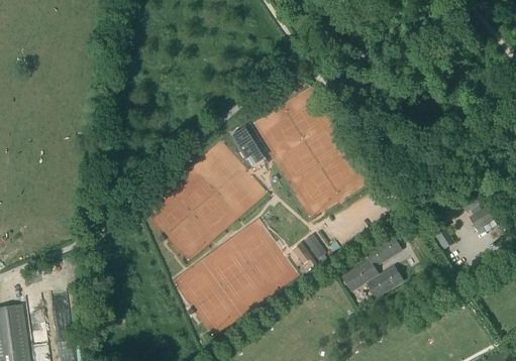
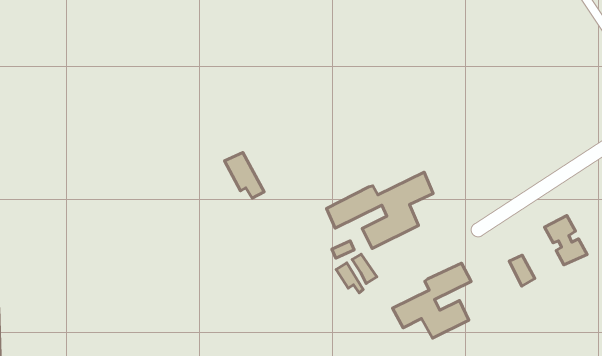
building: [230,128,265,164] -> [225,152,264,198]
building: none -> [327,172,433,248]

